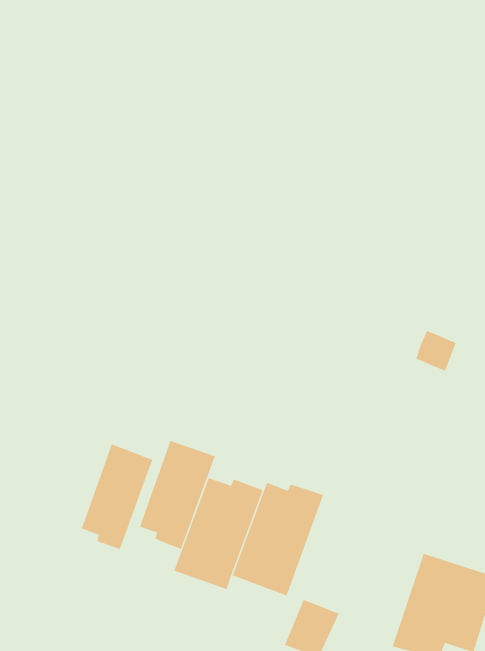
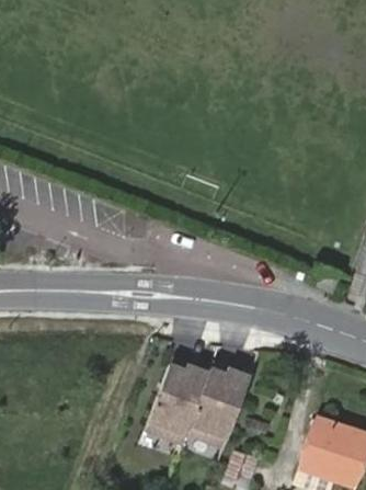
building: [139,440,215,550] -> none
building: [81,444,153,550] -> none

